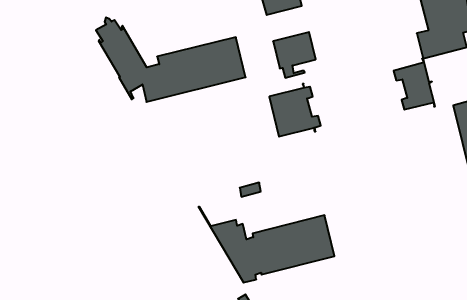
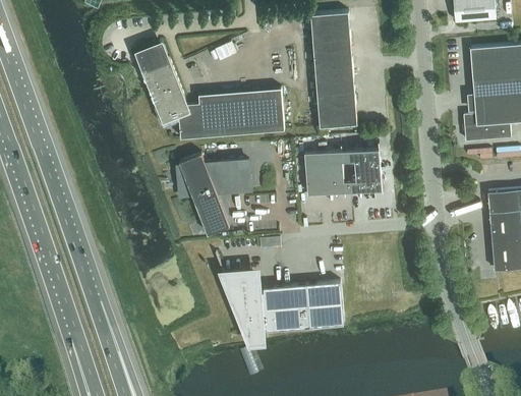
building: none -> [315,67,355,98]
building: [394,59,435,110] -> [347,143,384,192]
building: none -> [177,153,250,234]

